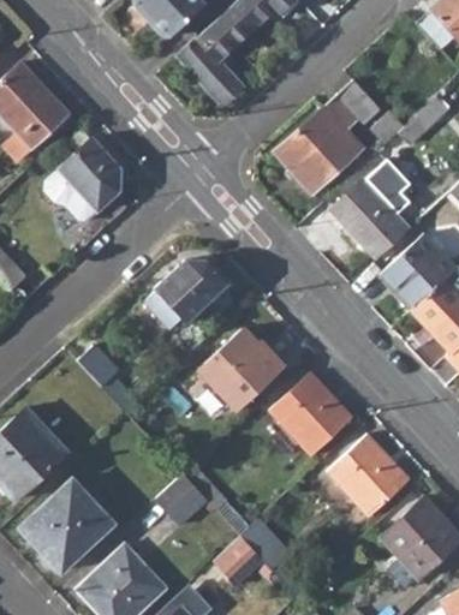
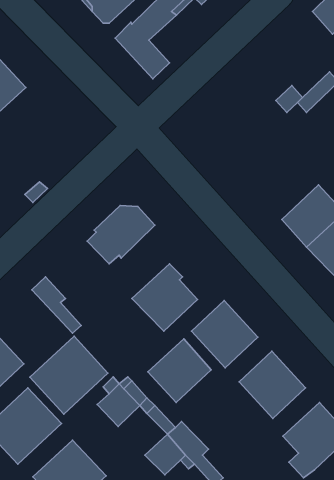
building: [276,79,382,192] -> none
building: [44,137,121,222] -> none
building: [334,157,417,259] -> none
building: none -> [30,336,108,414]
building: none -> [148,339,211,403]

